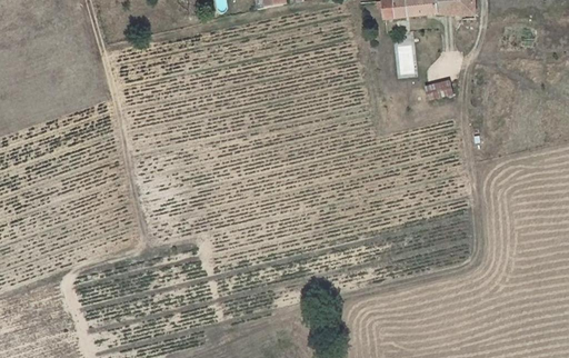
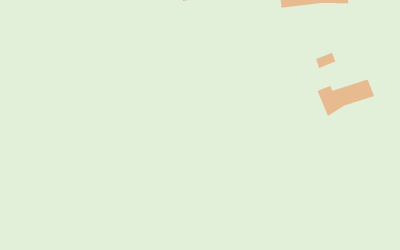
building: none -> [317,78,375,117]

